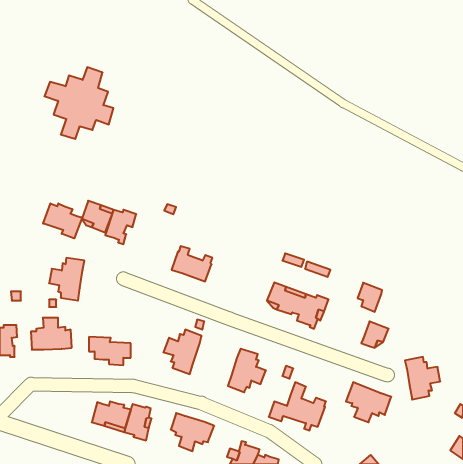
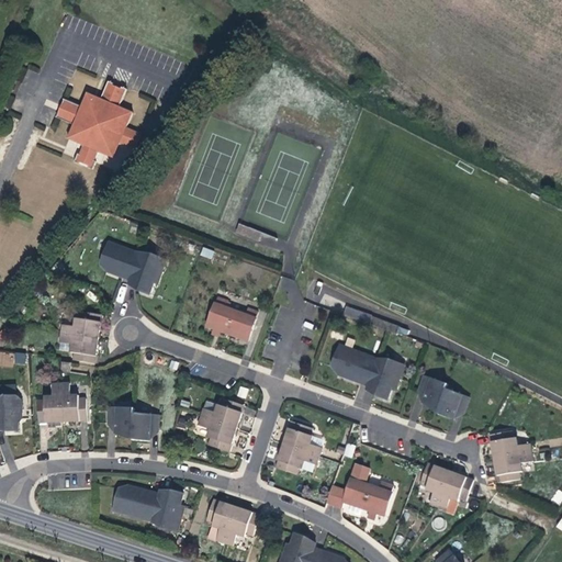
building: [43,203,82,238] -> none
building: [358,283,382,312] -> [418,374,448,409]

